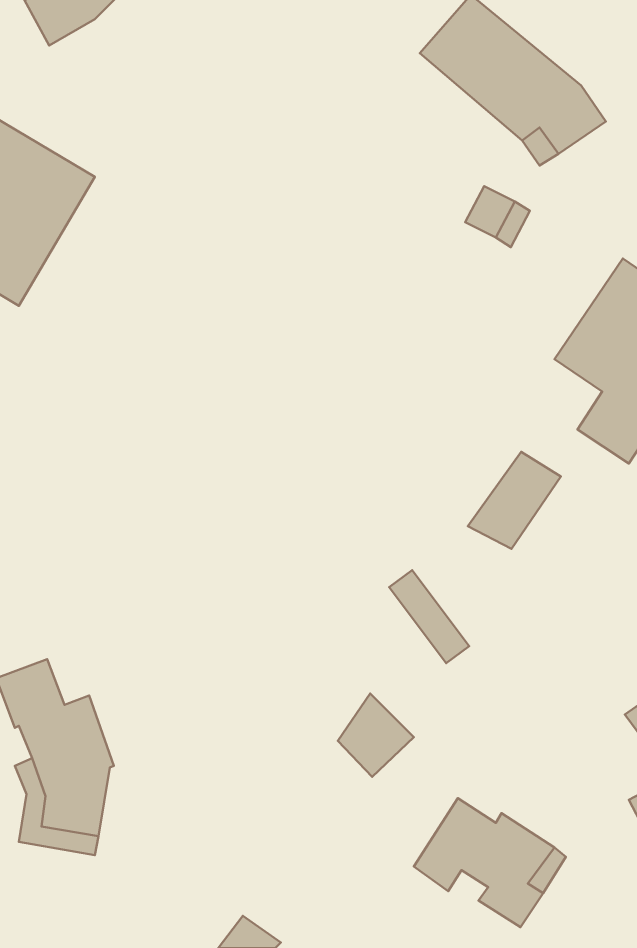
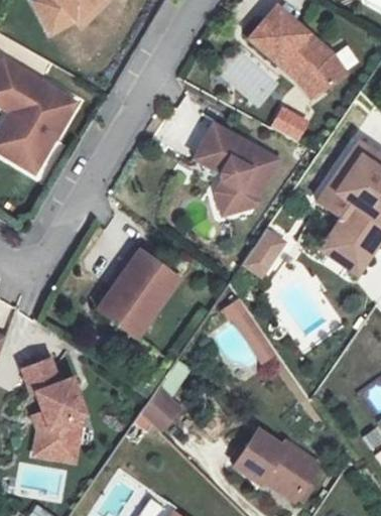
building: none -> [189,117,279,215]
building: none -> [92,245,181,339]
building: [468,452,561,549] -> [241,228,290,279]
building: [338,693,414,777] -> [146,385,186,429]

